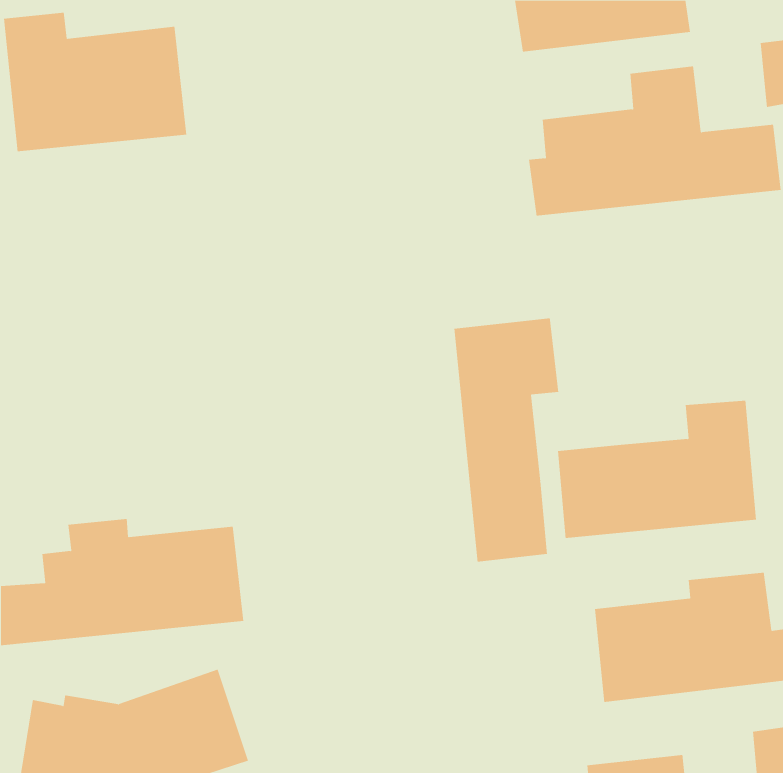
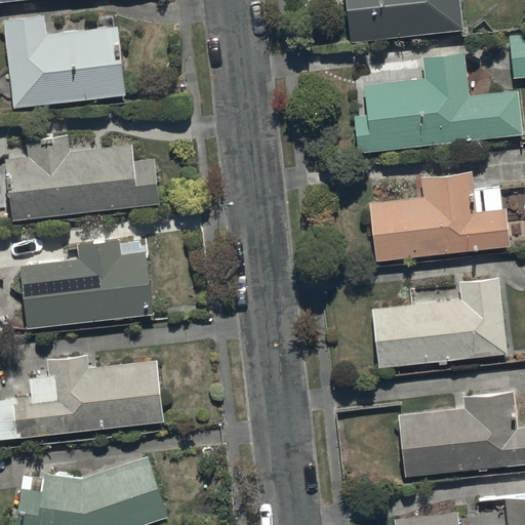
building: none -> [7,135,160,220]
building: none -> [369,170,510,261]
building: [454,318,559,562] -> none
building: none -> [21,240,153,328]

